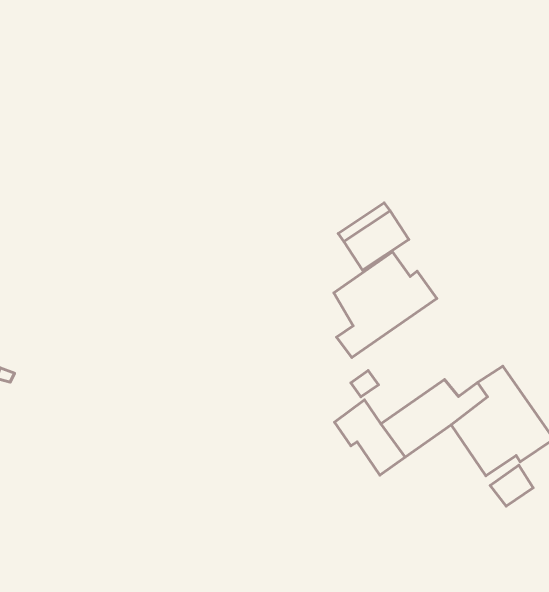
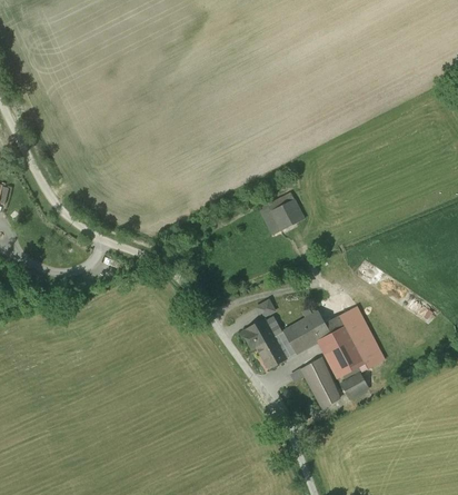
building: [334,252,437,357] -> none
building: none -> [300,357,338,407]

